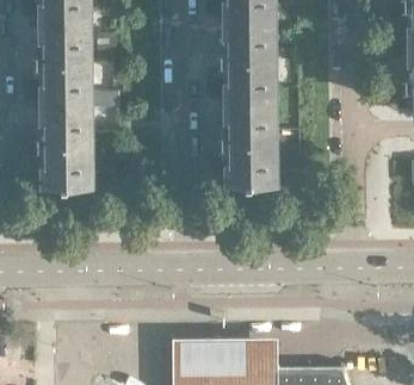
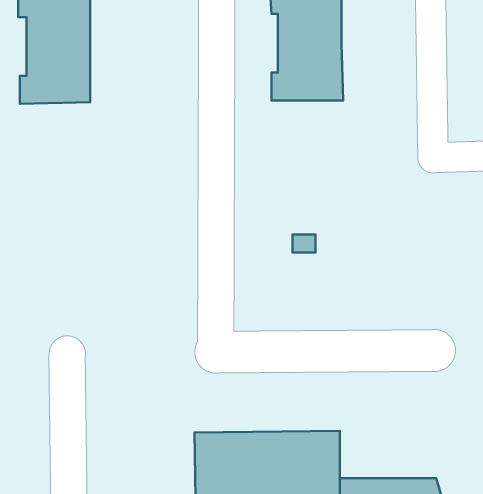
building: [223,93,277,176] -> none
building: [39,94,92,178] -> none

